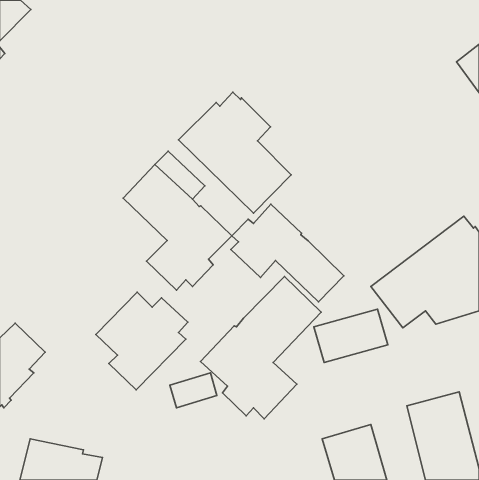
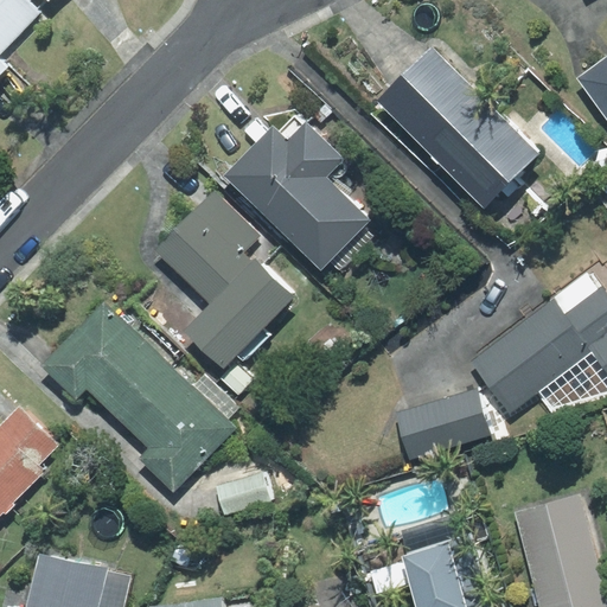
building: none -> [378,47,537,206]
building: [231,204,344,302] -> none
building: none -> [40,301,173,422]
building: [201,277,321,419] -> none

